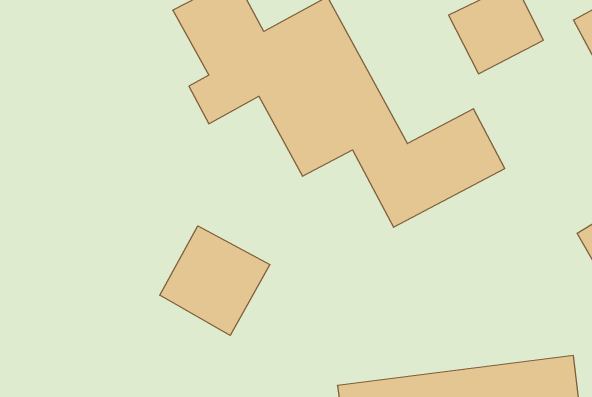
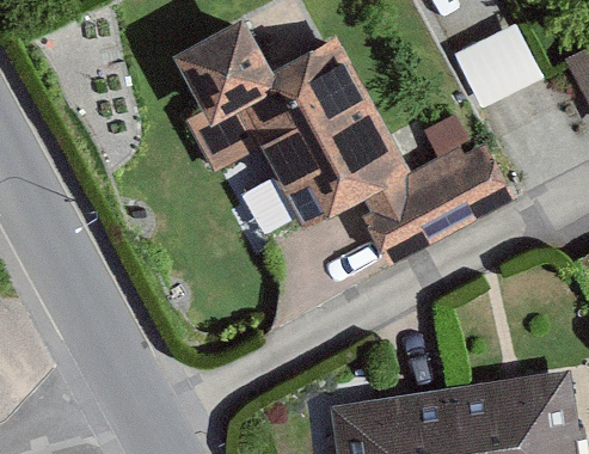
building: [160,226,270,335] -> none

